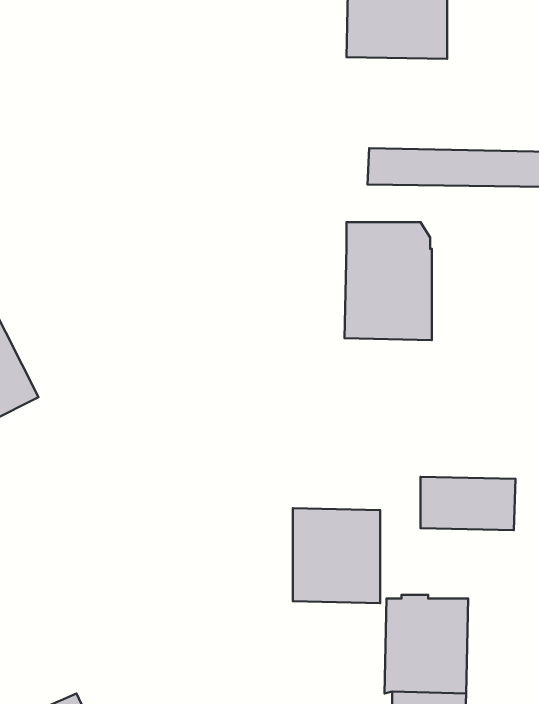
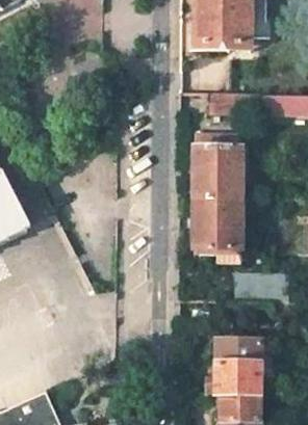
building: [293,508,380,603] -> [195,196,242,248]

